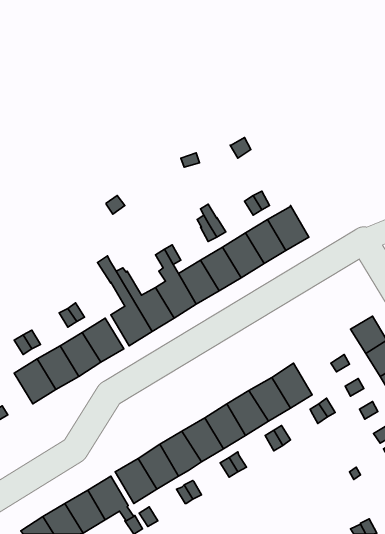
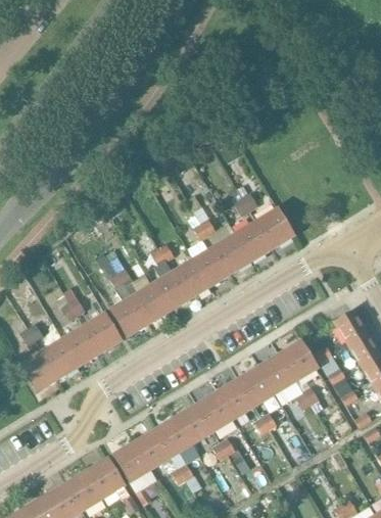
building: none -> [279,340,318,383]

